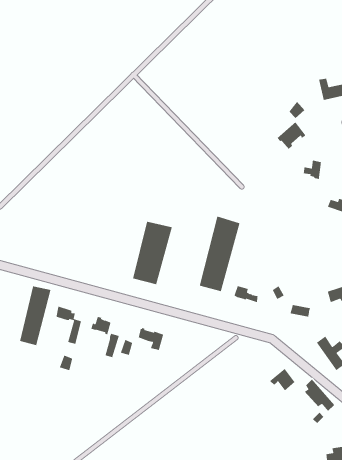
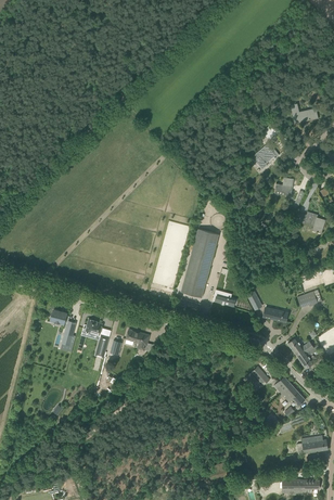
building: [132,221,173,285] -> none
building: [19,286,51,346] -> none

